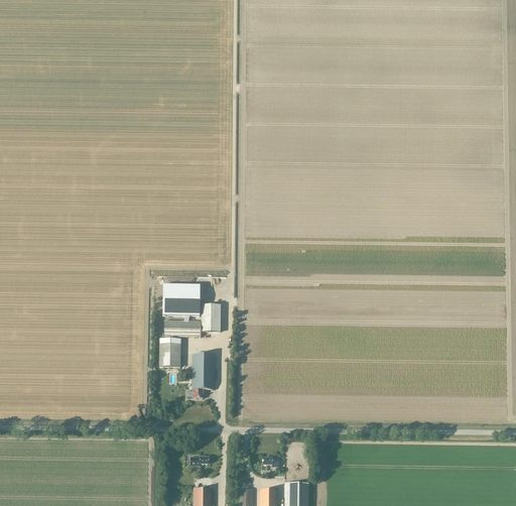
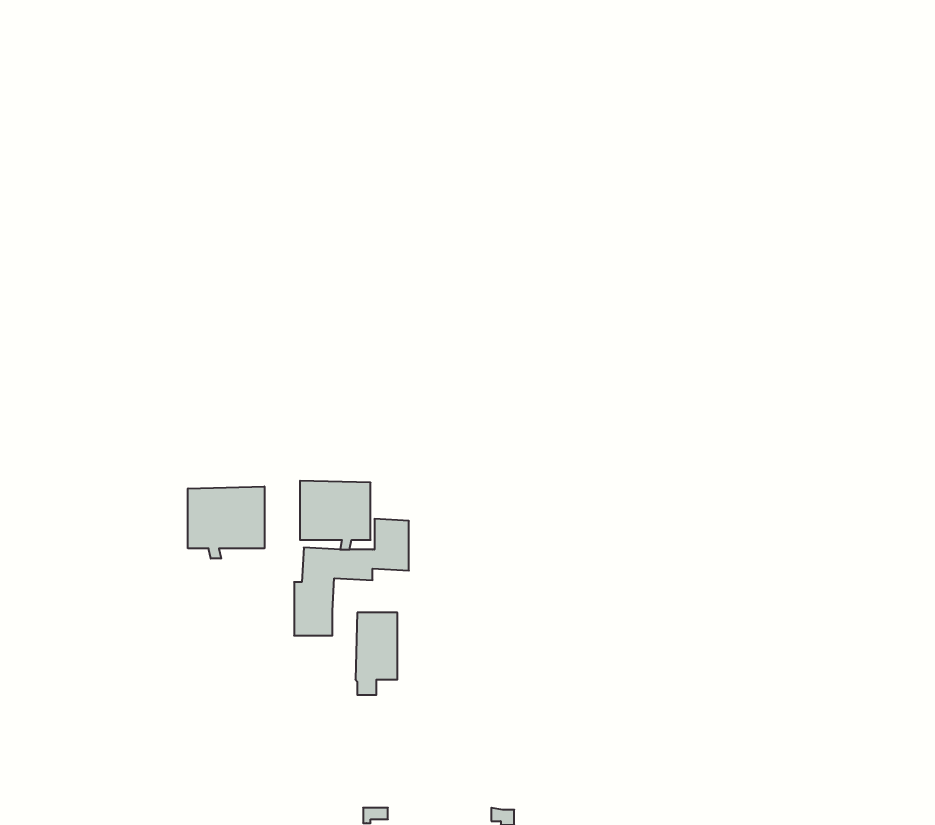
building: none -> [188,486,264,559]

